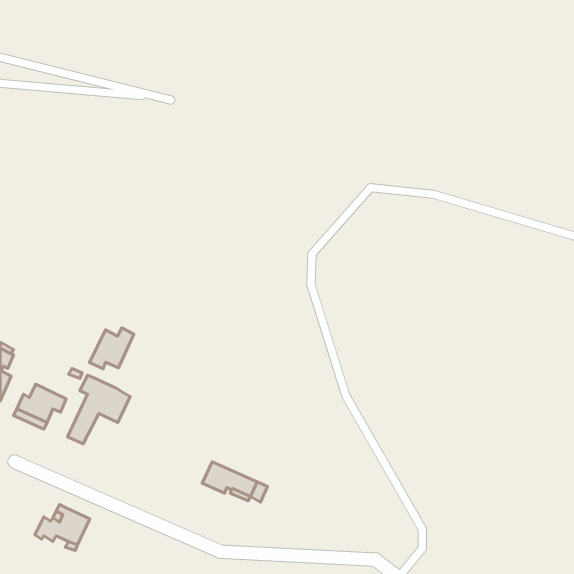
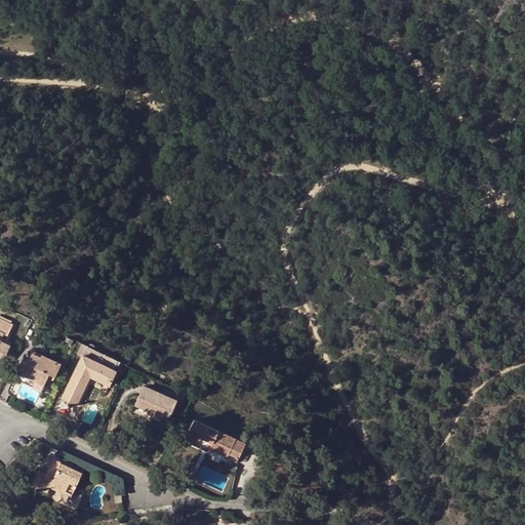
building: [90,328,134,369] -> none
building: none -> [135,388,176,426]

